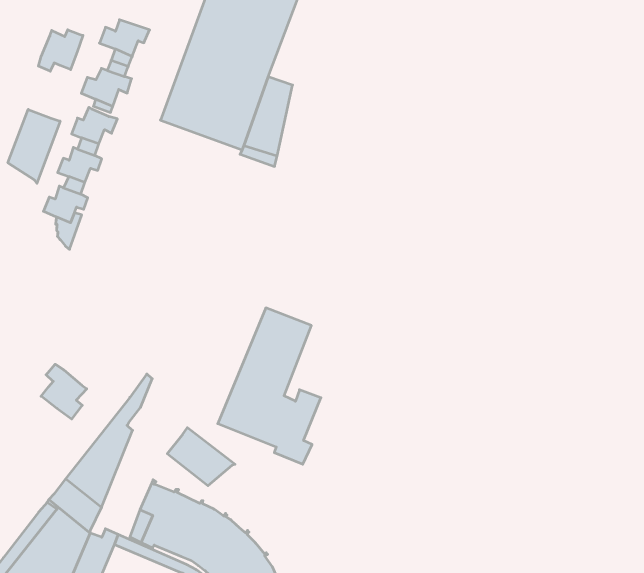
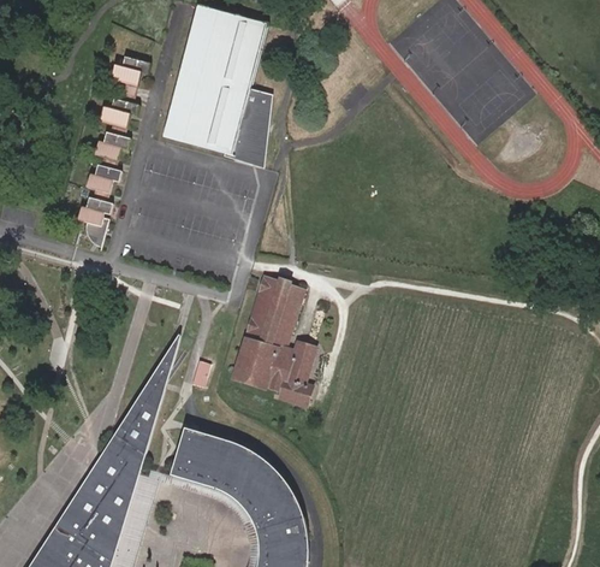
building: [38,30,83,71] -> none
building: [8,109,60,183] -> none
building: [41,364,87,419] -> none
building: [167,428,235,486] -> none

